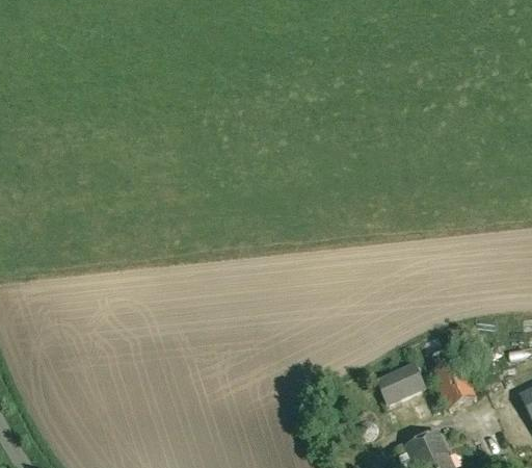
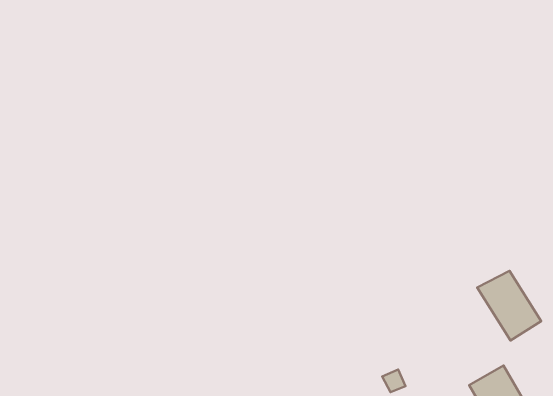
building: [377,361,429,406] -> none

